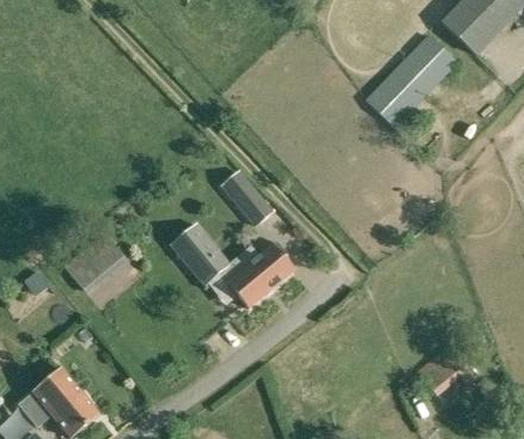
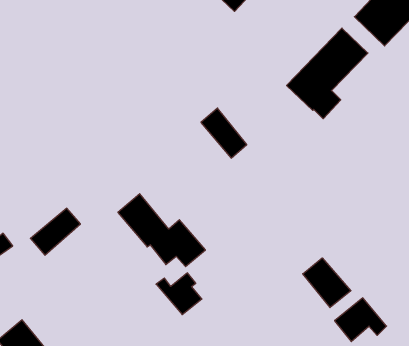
building: [220,169,273,226] -> [201,108,247,158]
building: [240,240,293,288] -> [156,273,202,315]
building: none -> [303,258,351,308]

